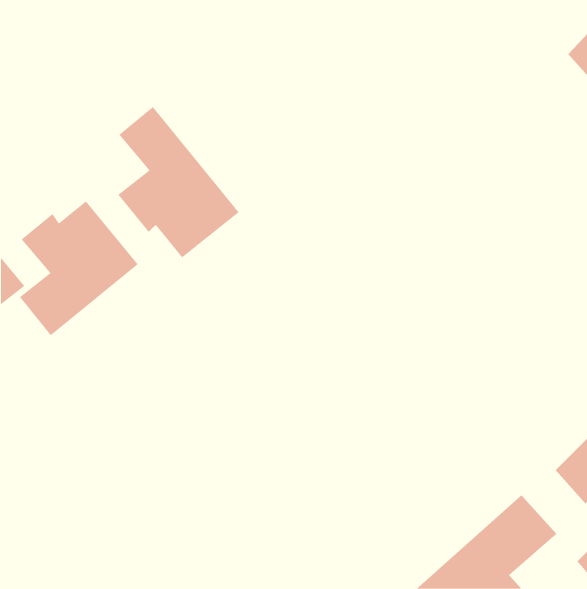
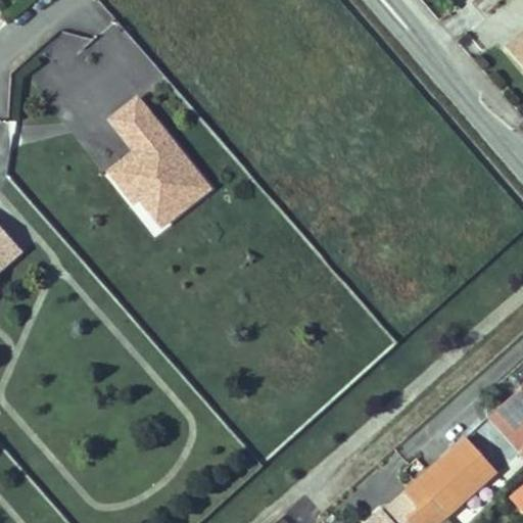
building: [19,201,139,336] -> none

